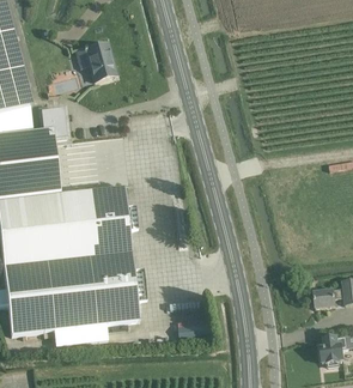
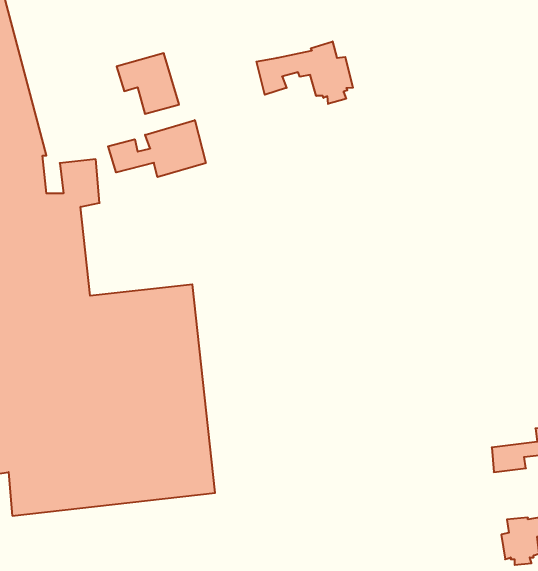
building: none -> [256,41,353,104]
building: none -> [108,120,206,177]

